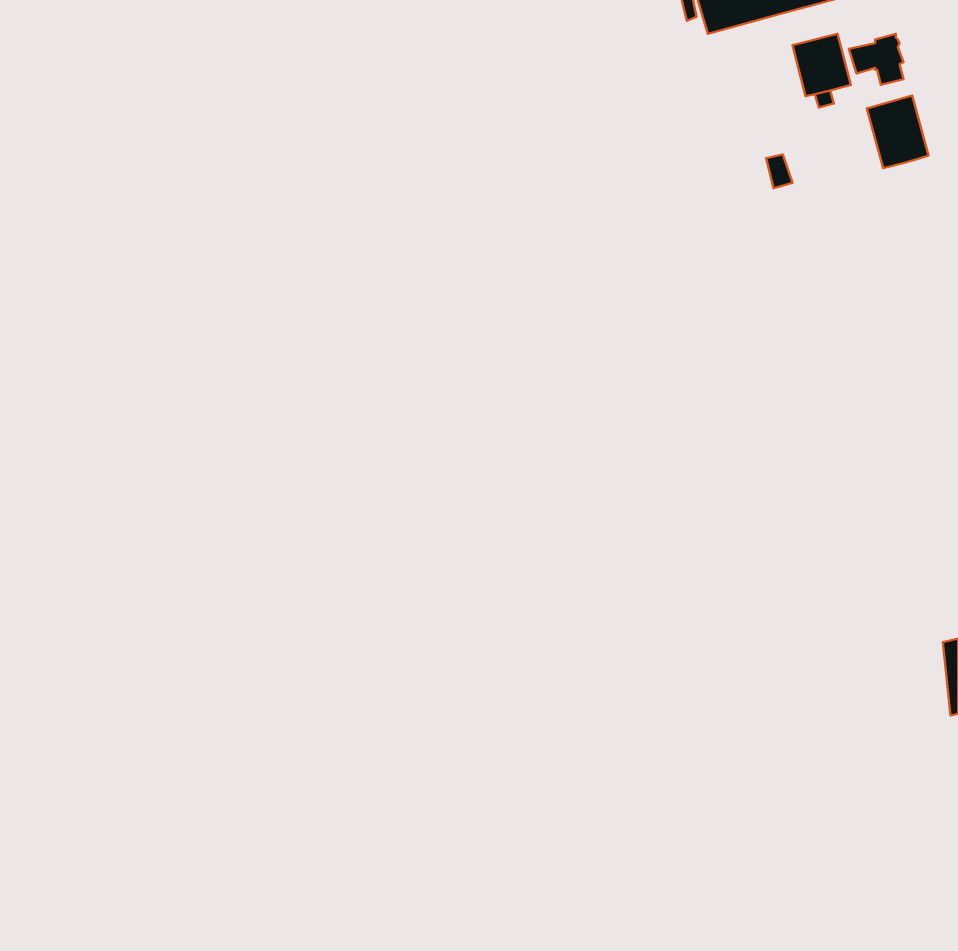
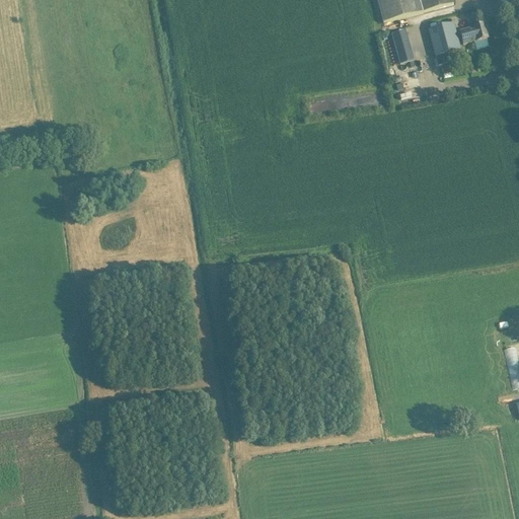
building: none -> [393,28,417,62]
building: [867,96,928,168] -> none

